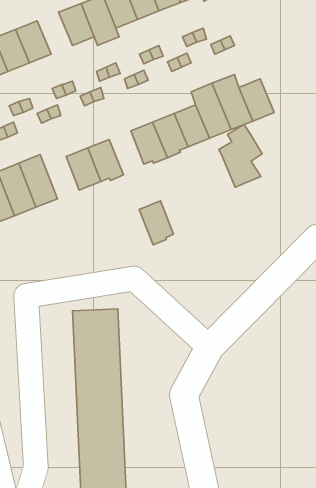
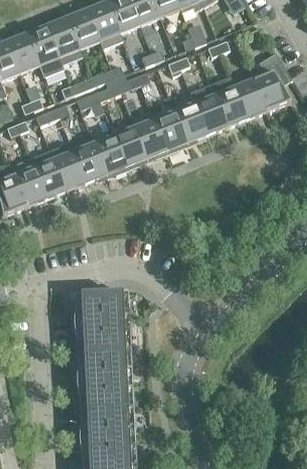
building: none -> [47,17,83,65]
building: [219,125,262,187] -> [252,52,292,110]
building: none -> [50,141,86,190]
building: [139,201,174,245] -> [114,127,146,168]

